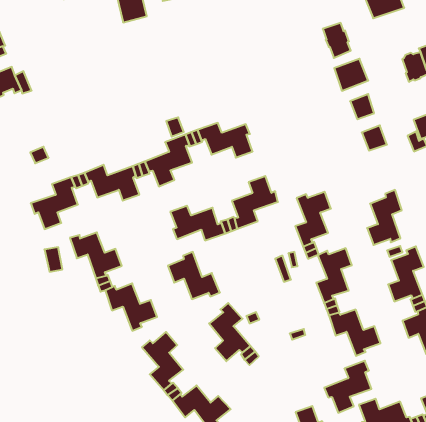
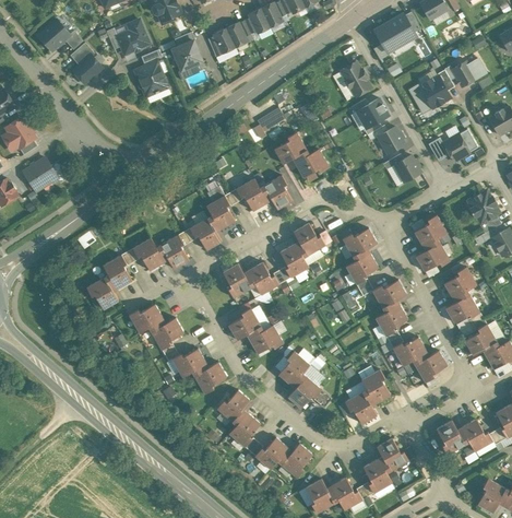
building: none -> [252,107,289,139]
building: none -> [273,132,329,178]
building: [324,361,371,413] -> [344,369,390,424]

